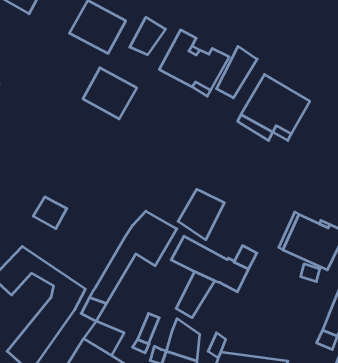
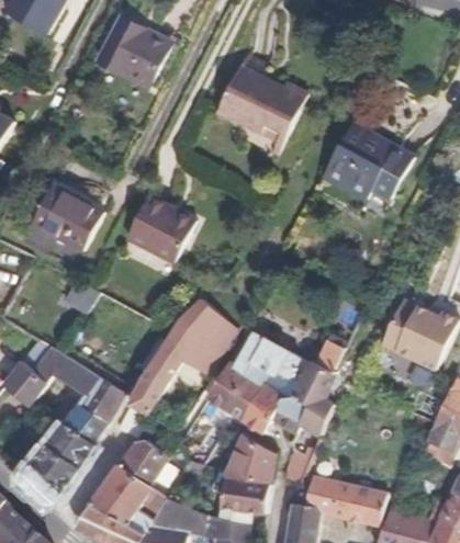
building: [130,17,166,55] -> none
building: [216,46,257,98] -> none
building: [83,68,137,119] -> [126,192,197,259]
building: none -> [31,184,103,251]
building: [178,189,224,240] -> [204,355,265,421]
building: none -> [271,385,329,432]

